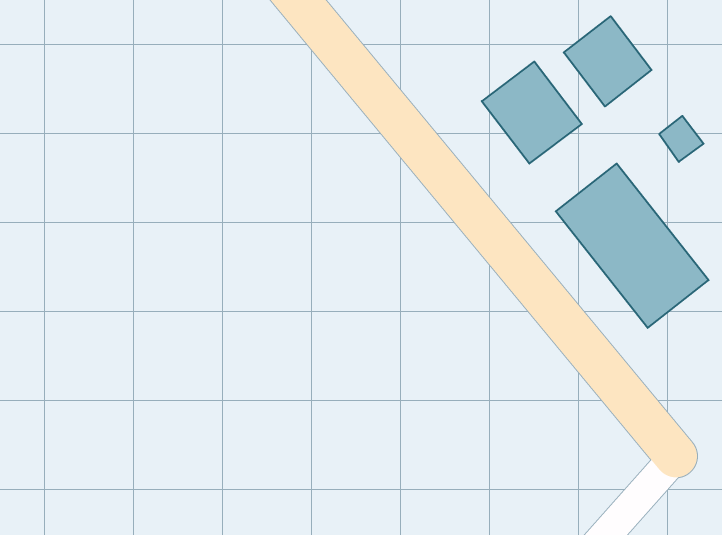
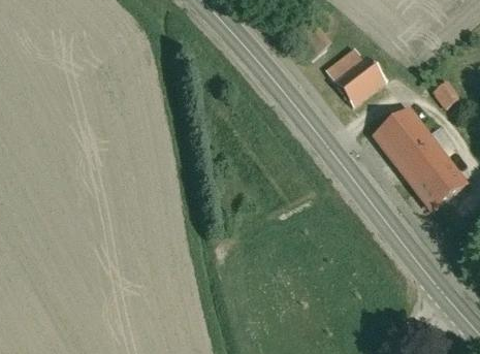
building: [564,16,652,106] -> none

